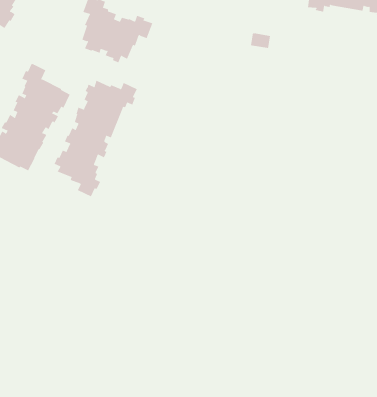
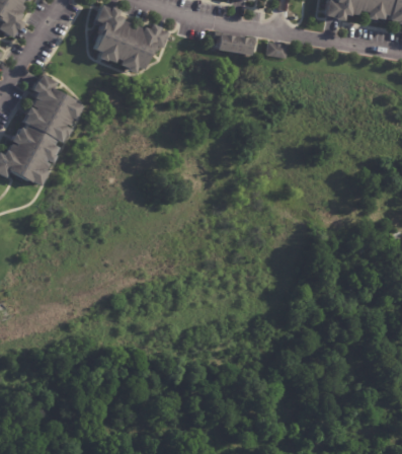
building: none -> [216,34,257,56]
building: [54,80,137,197] -> none

